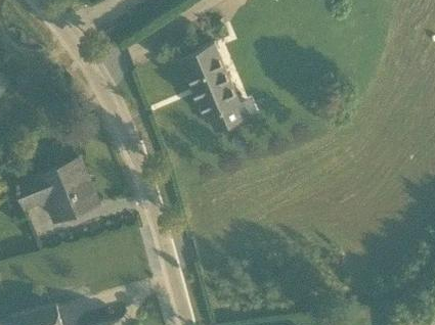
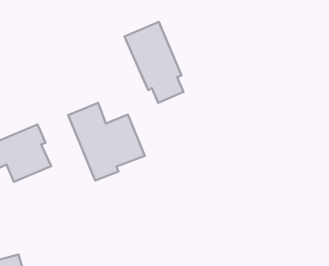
building: none -> [68,103,145,180]

